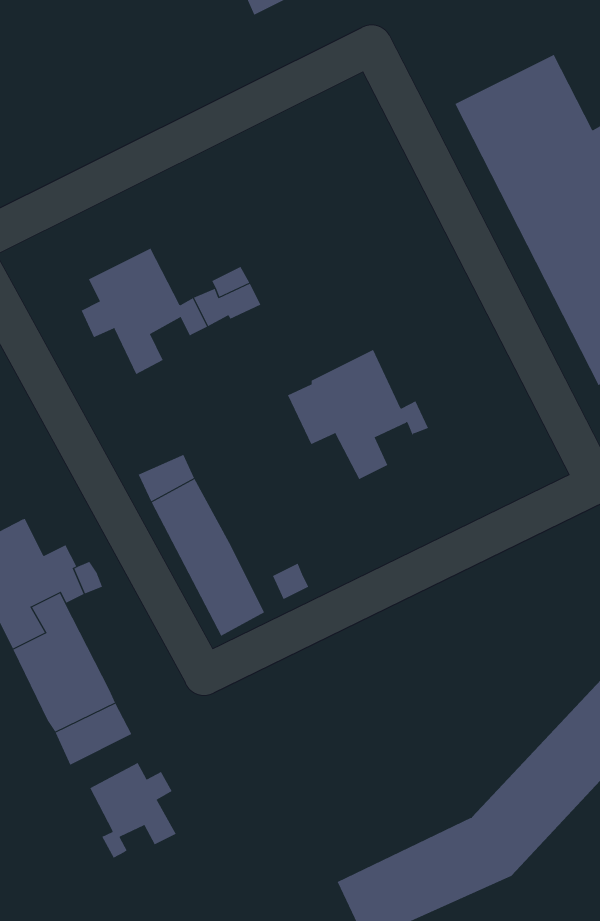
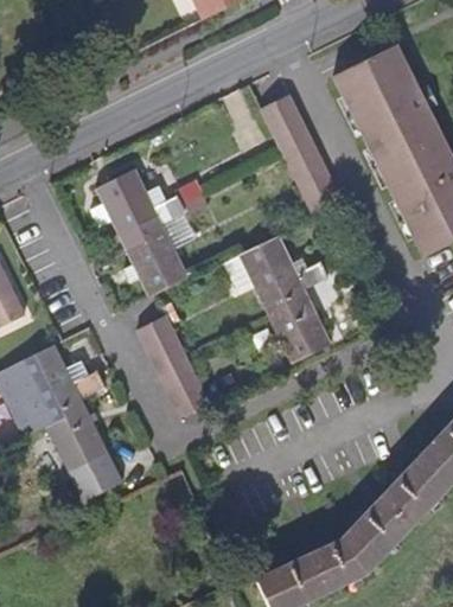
building: none -> [261,97,342,213]
building: none -> [127,213,190,298]
building: none -> [270,281,333,364]
building: [90,762,176,859] -> none

